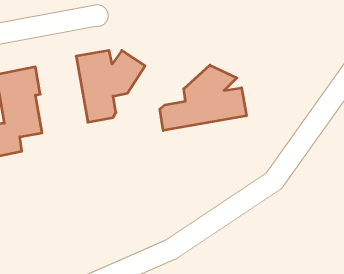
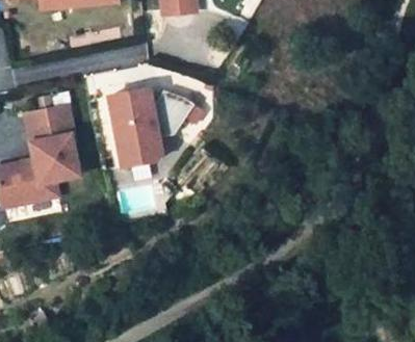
building: [160,65,246,131] -> none

